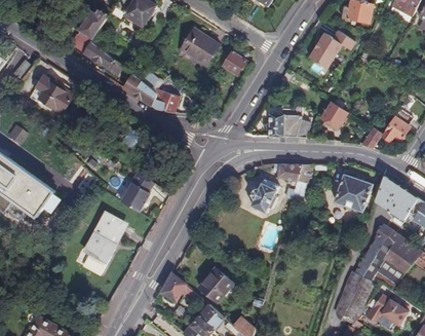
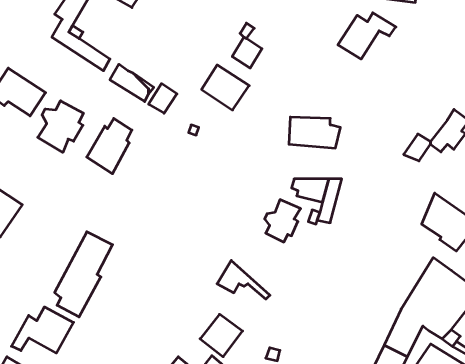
building: [182,29,220,65] -> [202,65,249,110]
building: none -> [38,101,83,152]
building: [321,102,348,128] -> none
building: [120,170,154,211] -> none
building: [335,174,372,211] -> none
building: none -> [11,307,74,353]
building: [161,272,203,303] -> [217,260,270,299]

